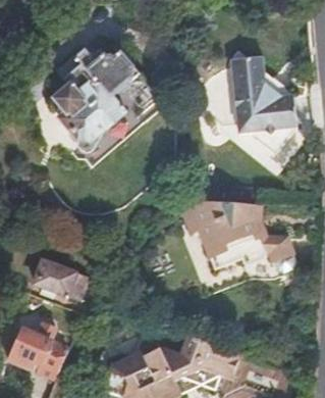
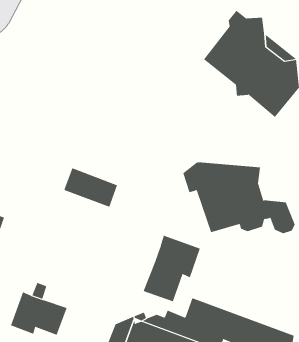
building: [59,46,143,154] -> none
building: [38,261,92,301] -> [63,168,118,208]
building: none -> [143,235,200,302]

